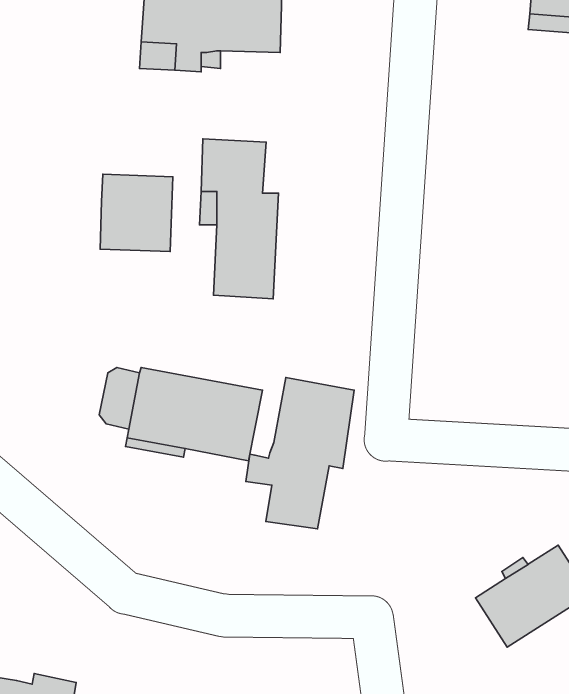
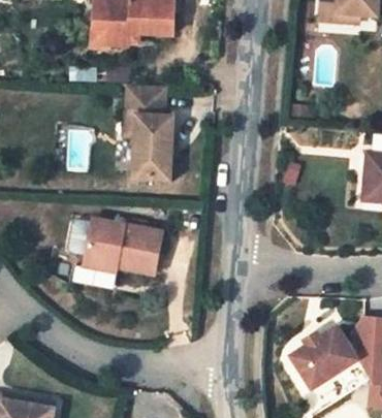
building: [100,174,173,252] -> none
building: [246,377,354,529] -> none

